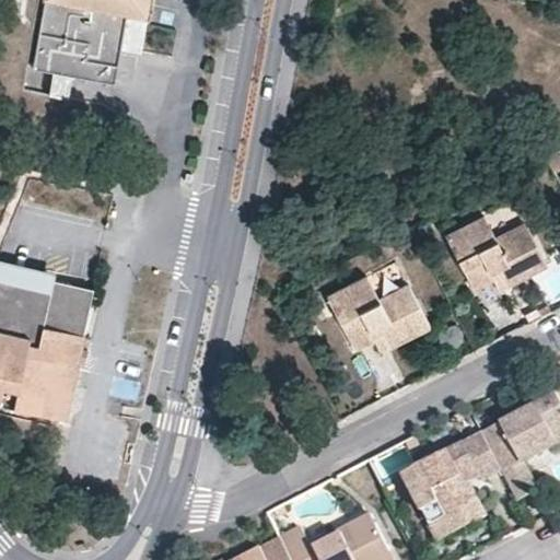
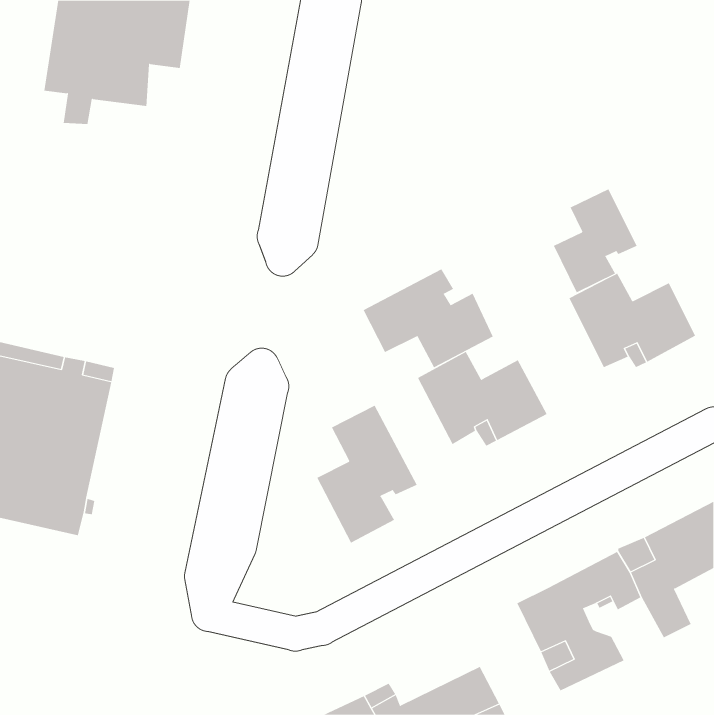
building: none -> [553,189,638,293]
building: none -> [363,268,494,368]
building: none -> [317,405,417,544]

